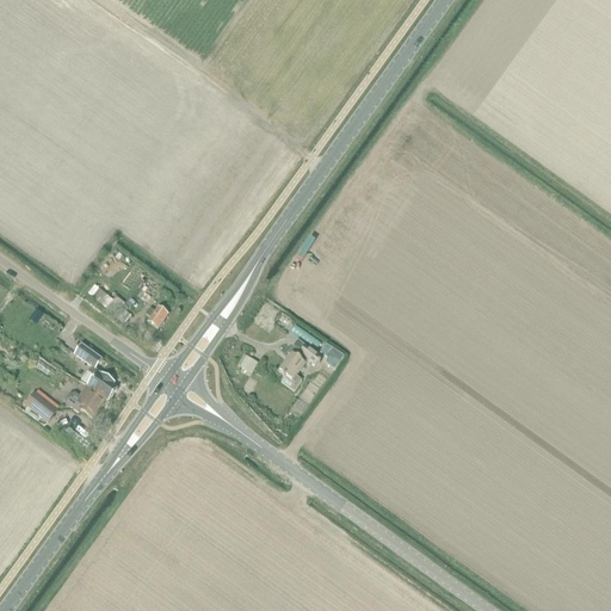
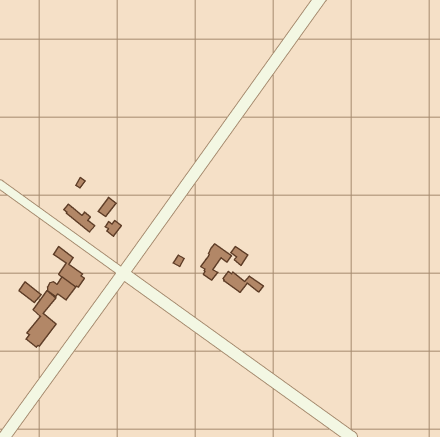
building: none -> [223,271,263,292]
building: none -> [26,290,56,347]

